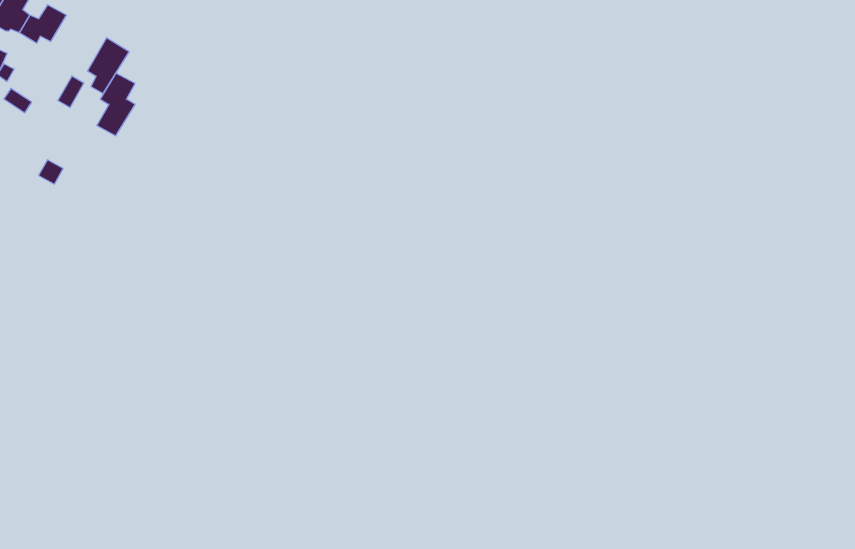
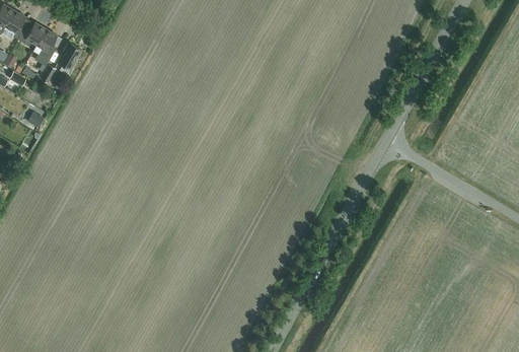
building: [97,73,135,136] -> [33,27,56,64]

